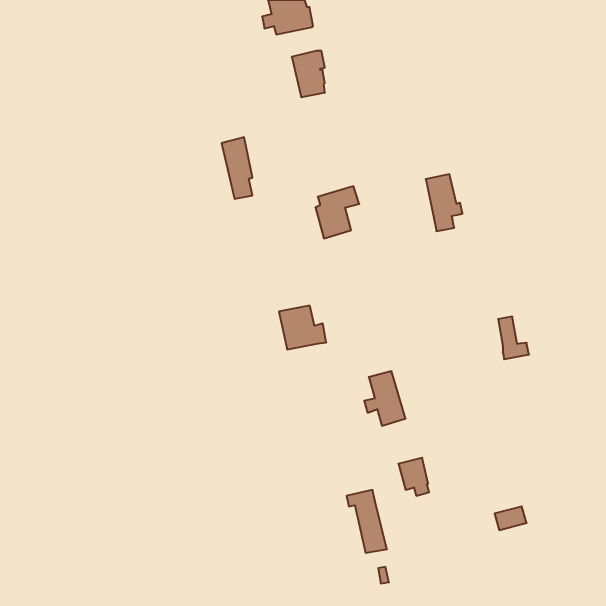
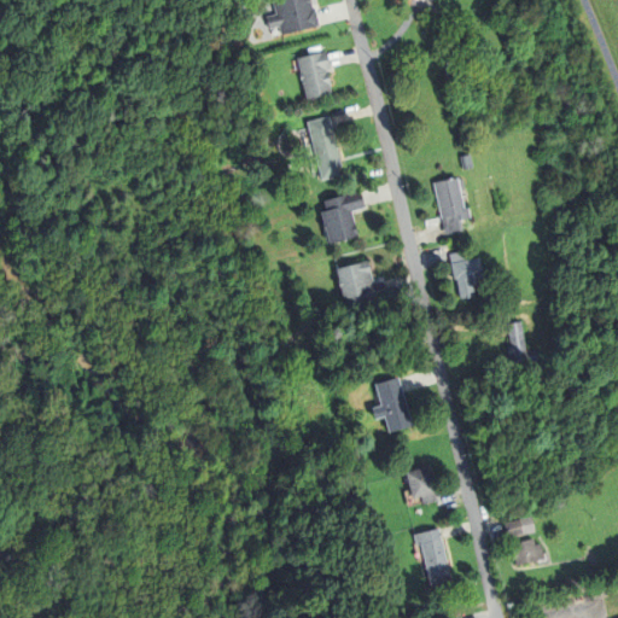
building: [222,137,252,199] -> [308,116,339,179]
building: none -> [449,251,483,298]
building: [279,306,326,349] -> [337,262,385,307]
building: [347,490,387,553] -> [413,529,454,593]
building: none -> [511,538,544,566]

